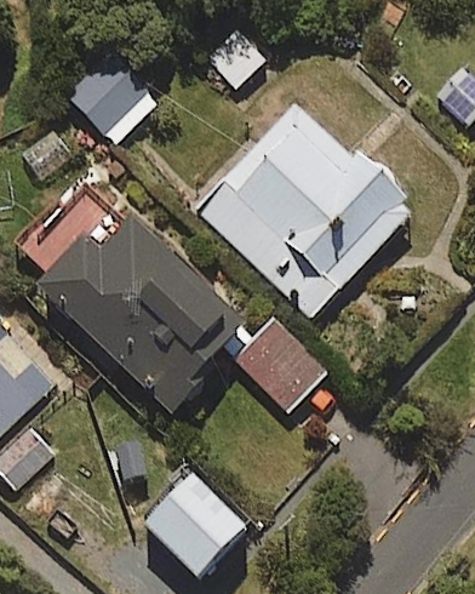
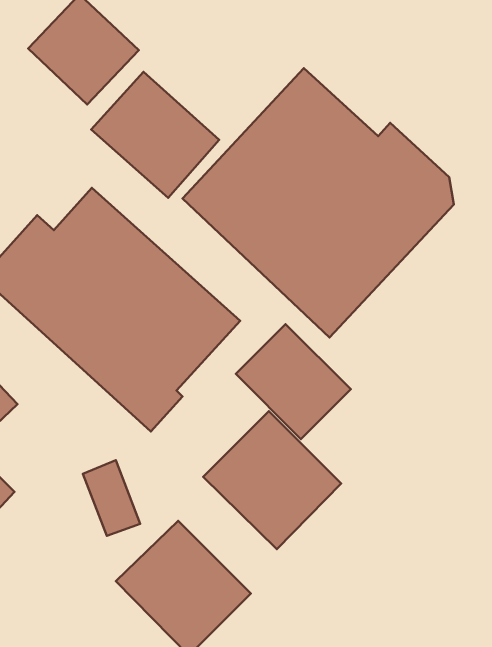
building: none -> [91,72,219,198]
building: none -> [203,411,341,549]

